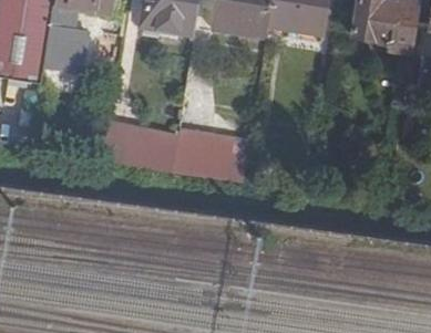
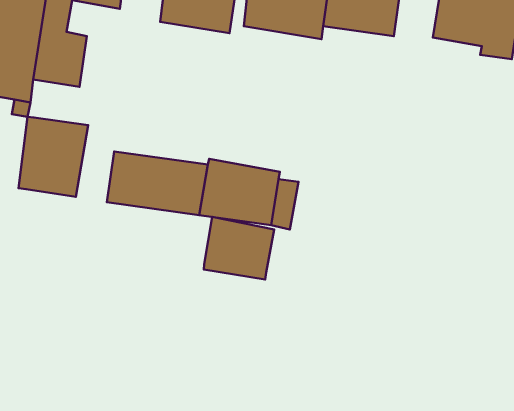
building: none -> [18,117,88,197]
building: none -> [204,217,274,279]

